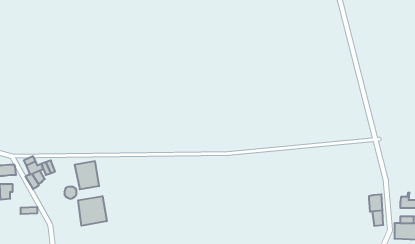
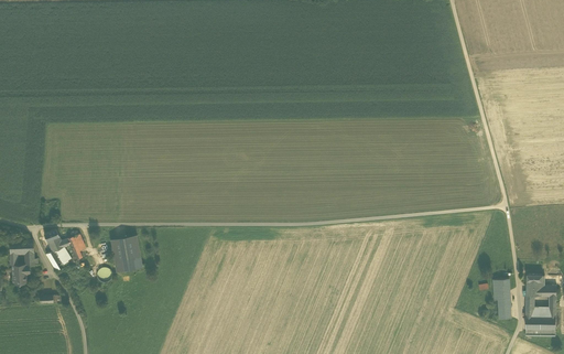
building: [78,196,107,226] -> none

